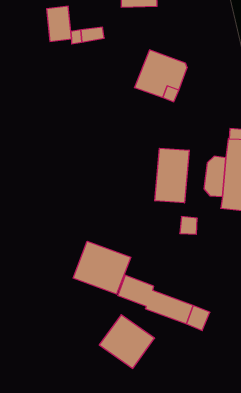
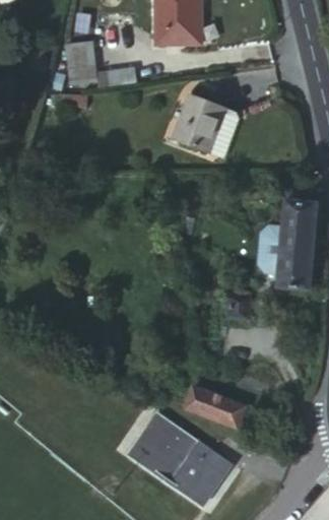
building: [155,148,189,203] -> none
building: [73,241,131,294] -> none
building: none -> [172,444,229,502]

